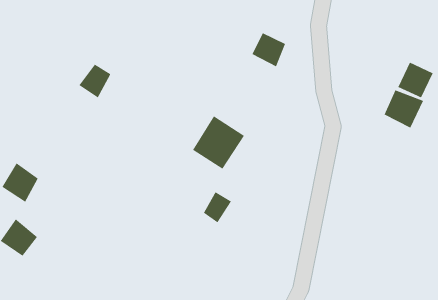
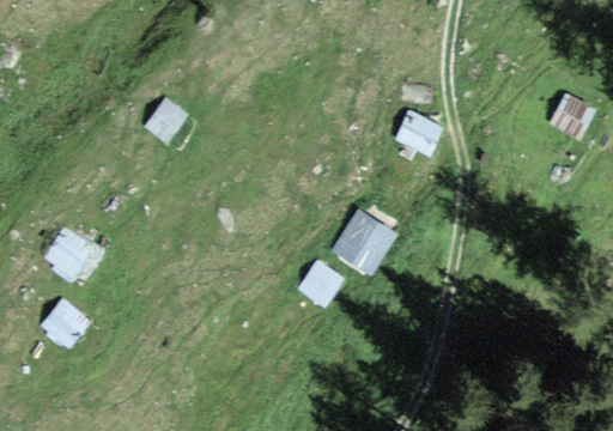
building: [251,33,286,67] -> [395,110,439,154]
building: [384,90,424,128] -> none
building: [192,115,245,169] -> [330,208,399,278]

